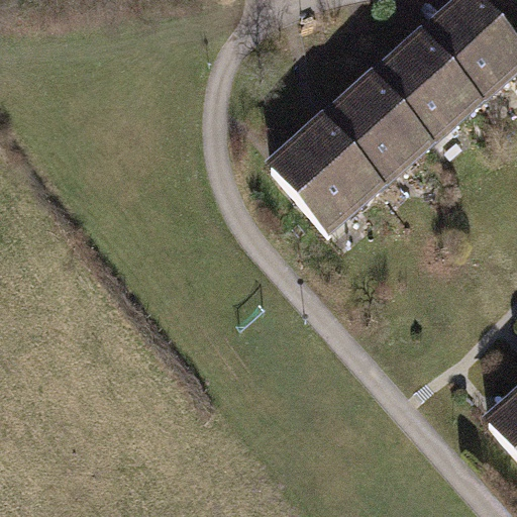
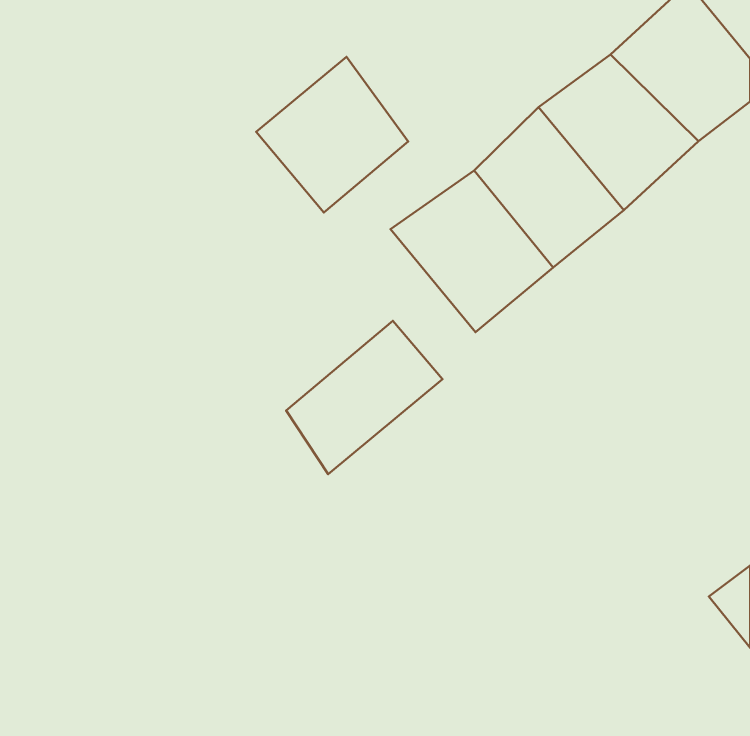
building: none -> [256,57,408,212]
building: none -> [286,321,442,474]

